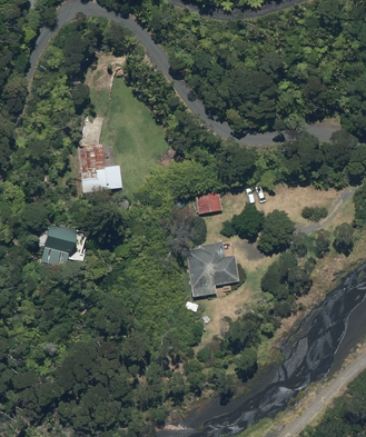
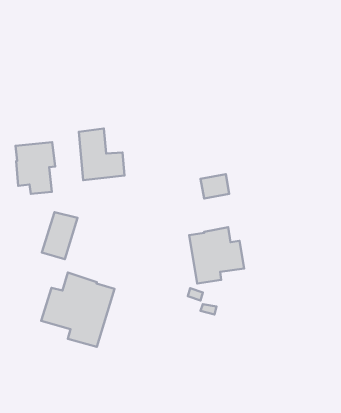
building: none -> [15,142,55,194]
building: none -> [41,273,115,347]

